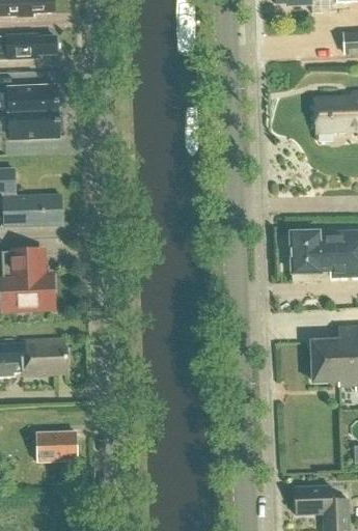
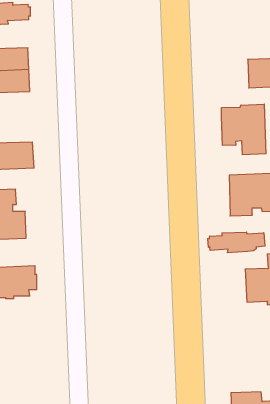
building: none -> [221,104,266,155]
building: none -> [208,232,265,253]
building: [36,432,76,463] -> none

